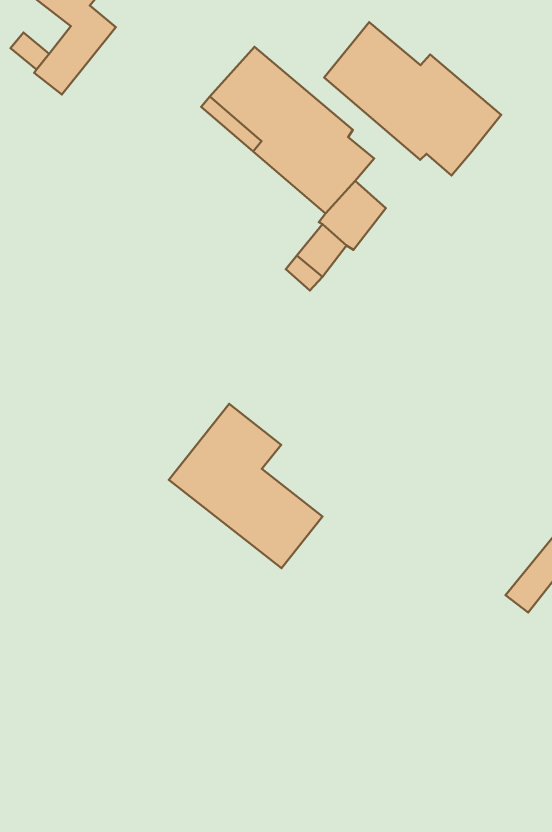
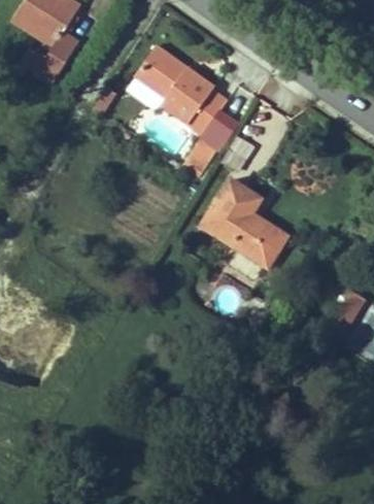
building: [324,22,501,176] -> none
building: [169,404,322,568] -> [202,178,288,266]

